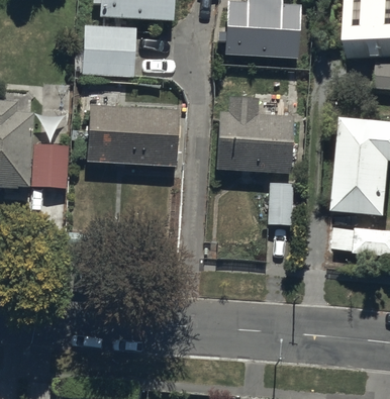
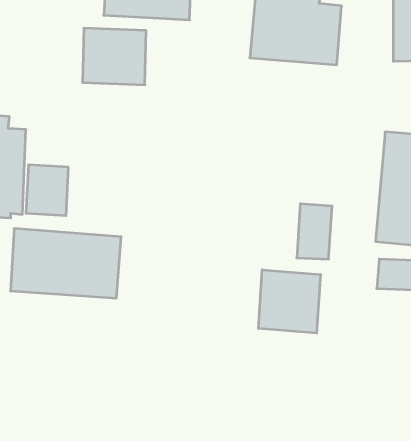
building: [215,98,295,174] -> none
building: [85,105,180,165] -> [10,229,121,298]
building: none -> [258,270,320,333]

